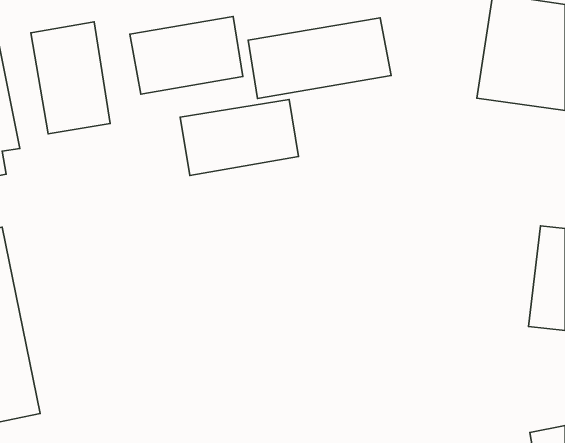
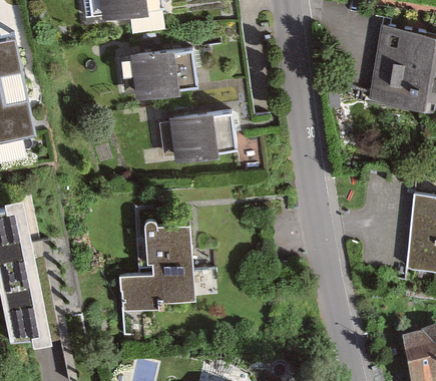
building: [248,18,391,98] -> none
building: [31,22,110,134] -> none
building: none -> [119,220,194,311]

